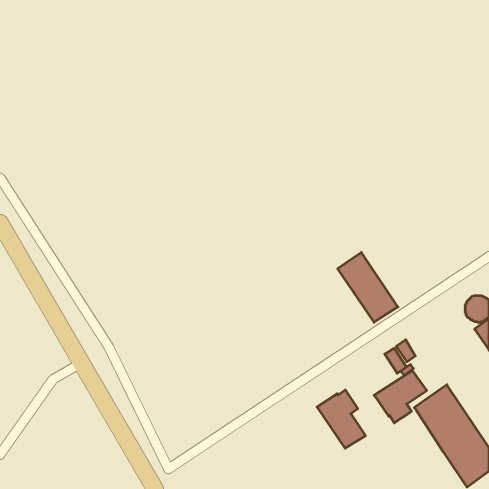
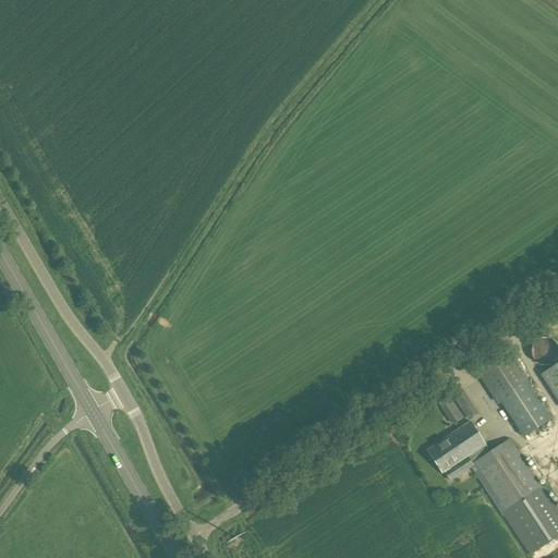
building: [338,252,398,322] -> [483,357,551,437]
building: [317,390,365,448] -> none

